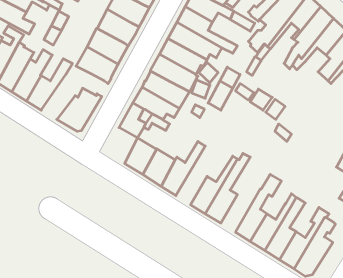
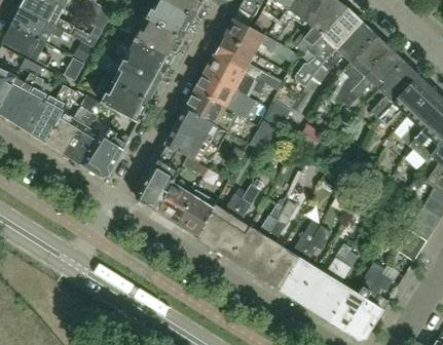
building: none -> [62,112,100,162]
building: none -> [137,171,170,212]
building: none -> [213,178,263,258]
building: none -> [263,221,318,289]

